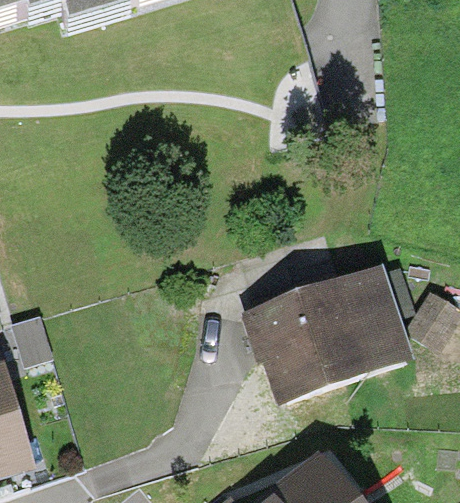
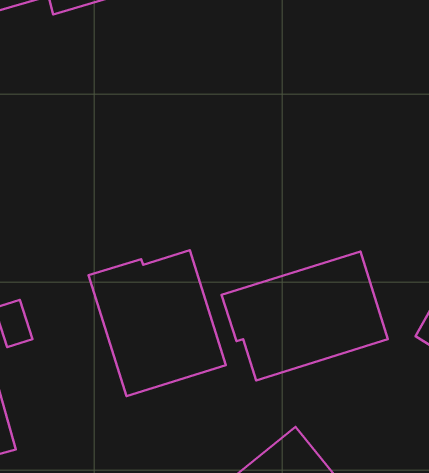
building: none -> [88,250,226,396]

